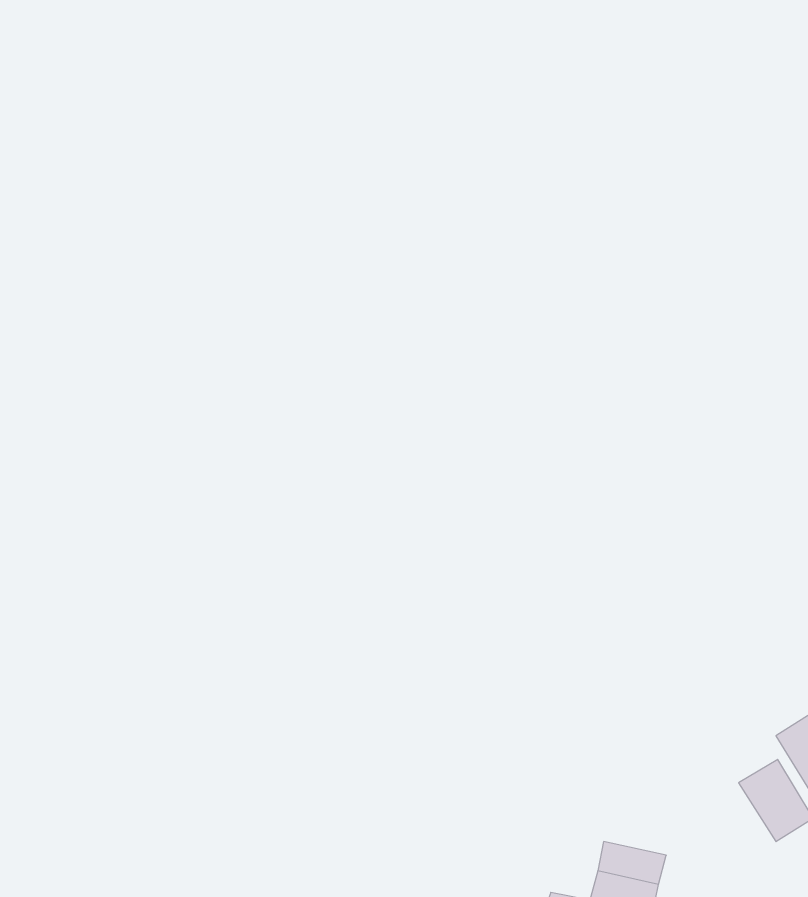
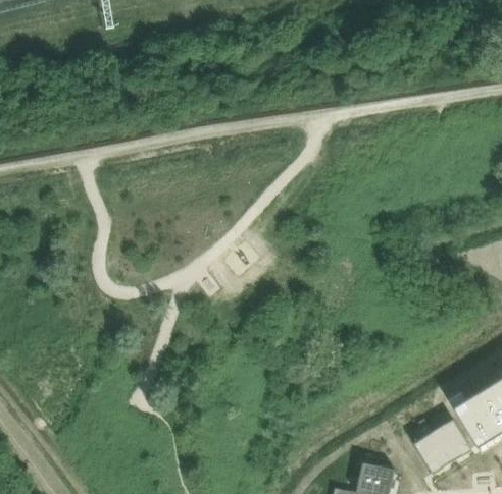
building: none -> [413,431,452,474]

